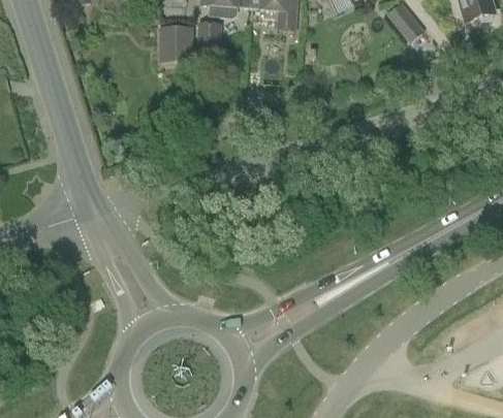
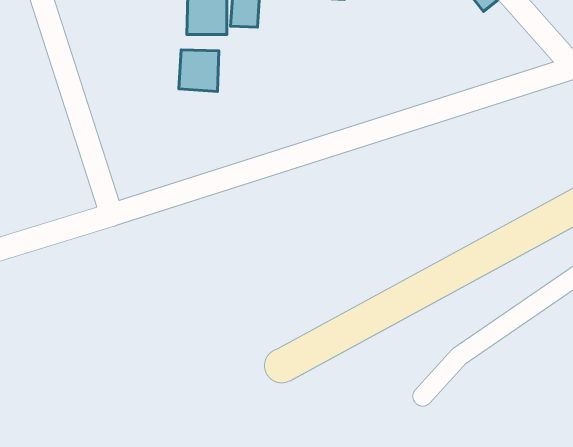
building: none -> [179,50,219,91]

